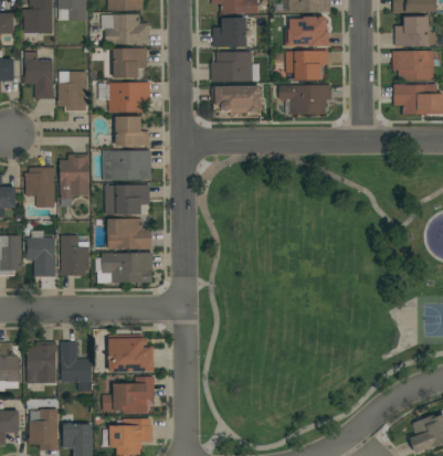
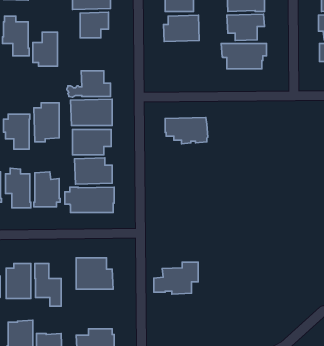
building: [108,82,150,113] -> none
building: [212,85,262,116] -> [165,117,208,144]
building: [103,375,155,413] -> [154,262,198,294]

